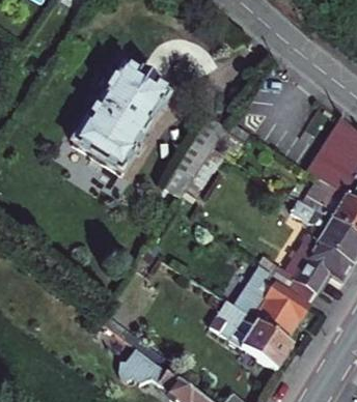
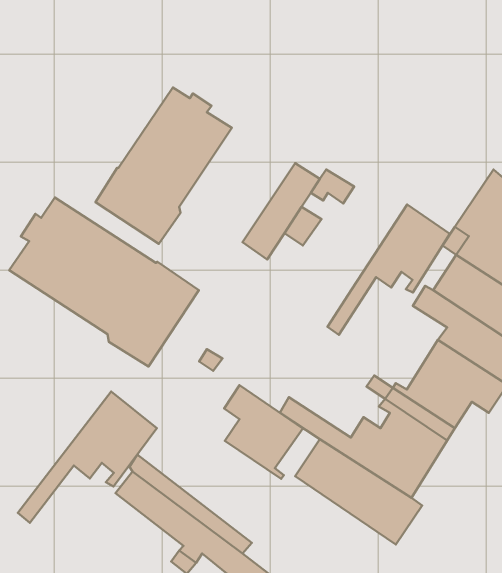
building: none -> [9,198,199,366]
building: none -> [327,205,450,335]
building: none -> [224,385,303,479]
building: none -> [18,392,157,523]

